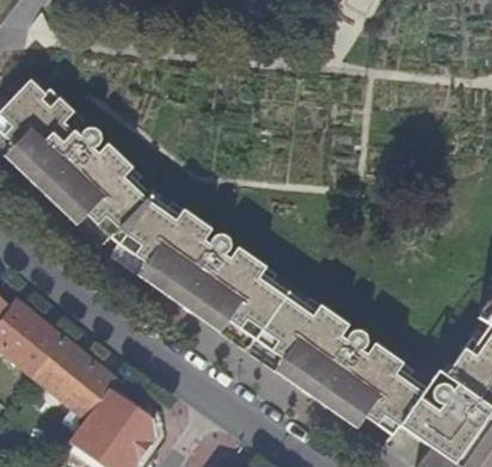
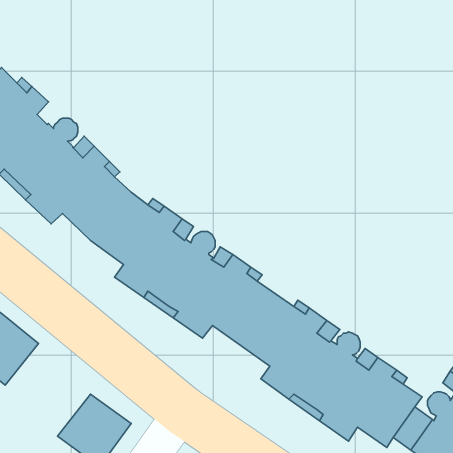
building: [35,338,119,425] -> none

